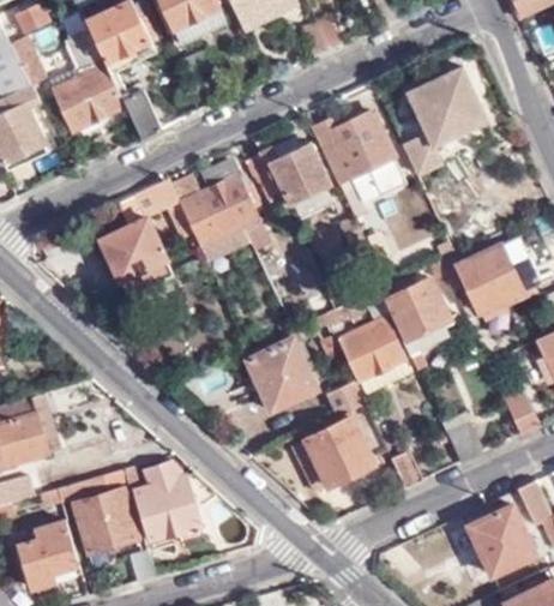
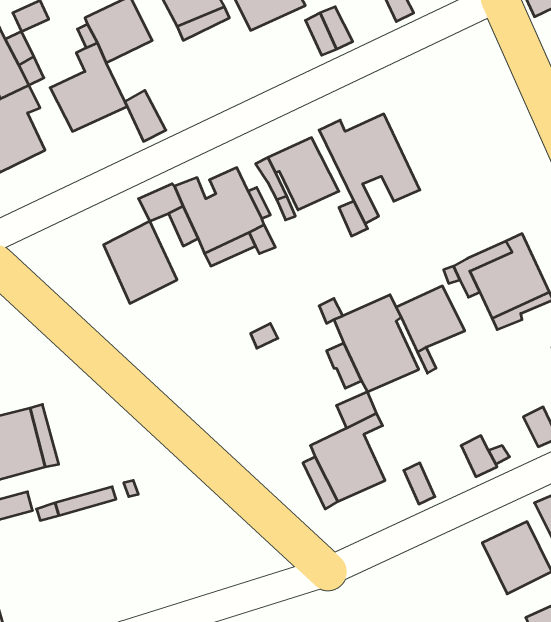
building: [402,68,486,176] -> none
building: [245,337,317,410] -> none
building: [136,461,203,541] -> none
building: [73,490,137,552] -> none
building: [19,517,82,587] -> none

